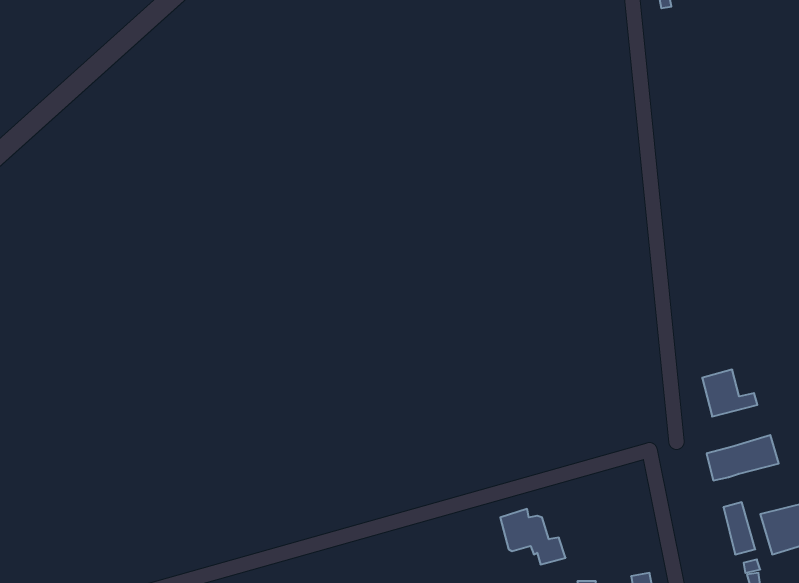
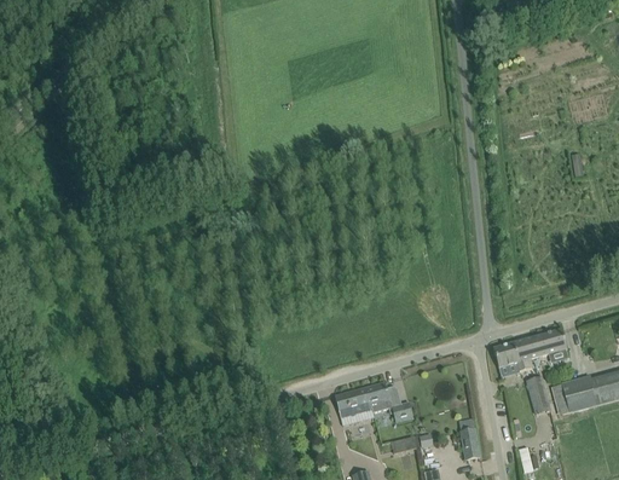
building: [702,370,757,417] -> [493,341,533,375]
building: none -> [335,387,375,424]

